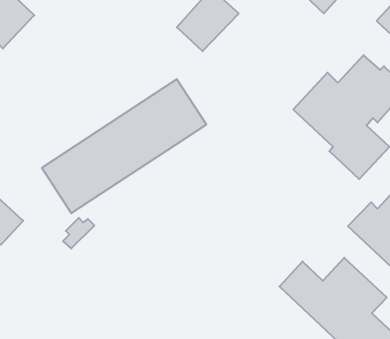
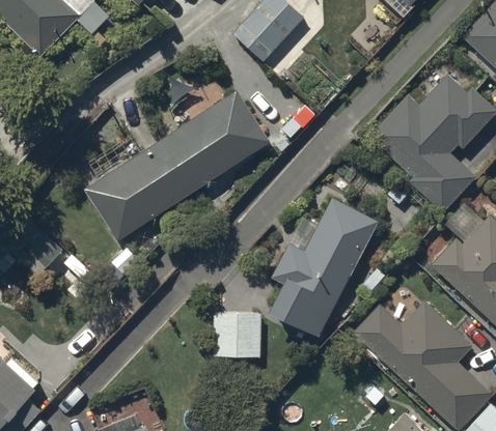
building: none -> [264,197,376,332]
building: none -> [213,311,261,360]

